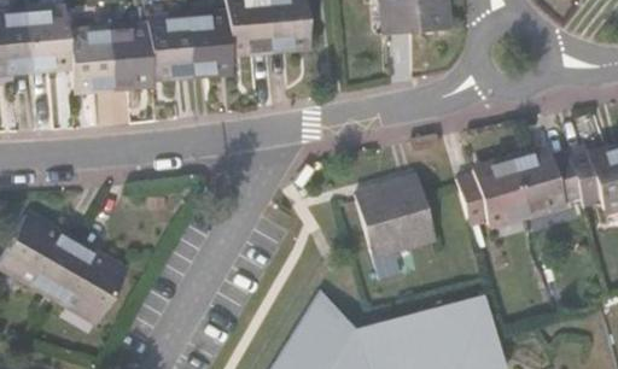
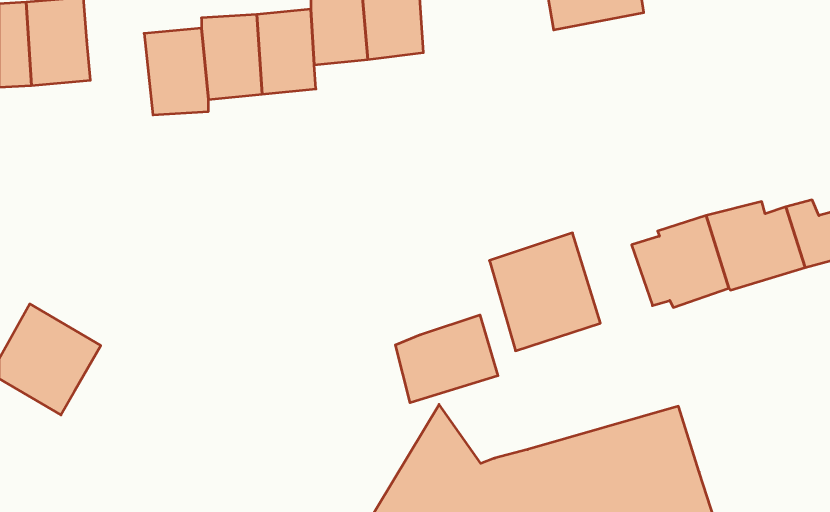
building: [72,33,118,93] -> none
building: none -> [395,315,498,403]
building: [54,250,130,326] -> none

